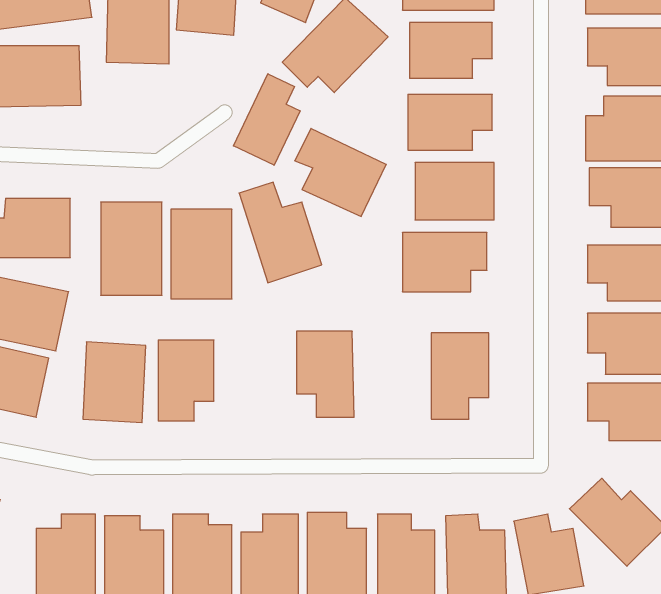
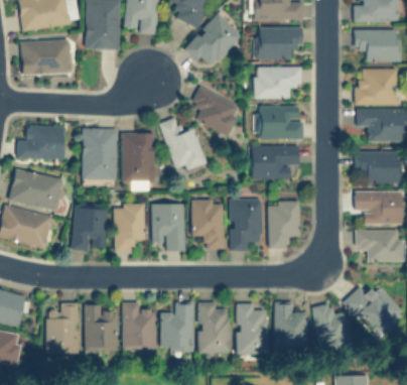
building: [233,74,300,165] -> none
building: none -> [230,199,262,251]
building: none -> [151,205,185,251]

